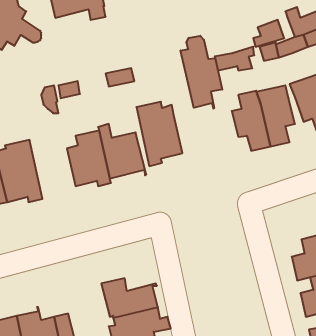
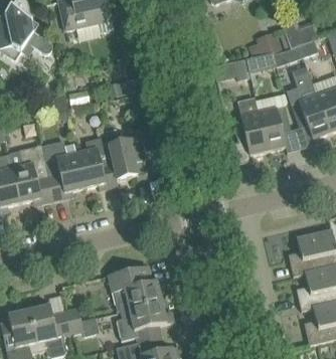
building: [181,36,222,109] -> none
building: [136,102,182,166] -> [41,140,85,200]

